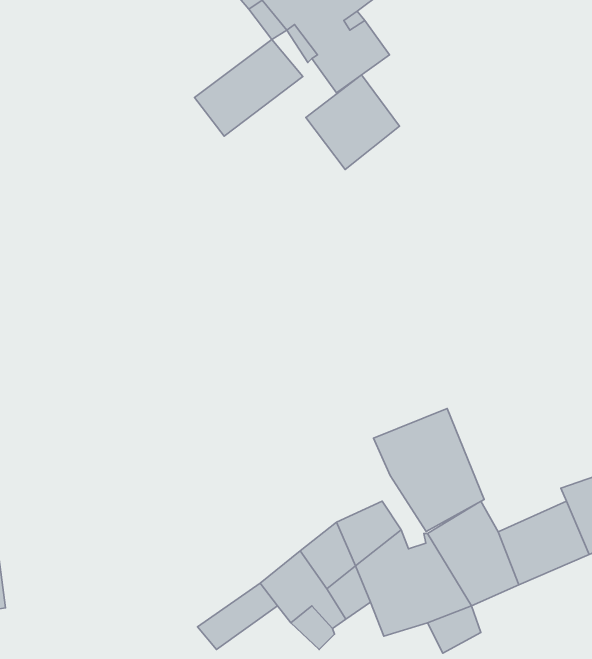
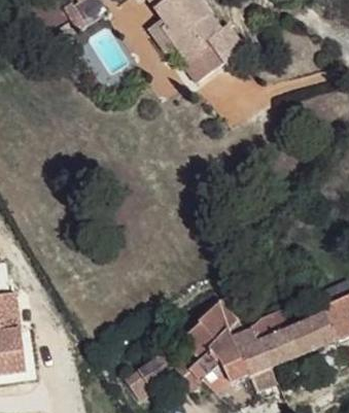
building: [195,40,303,136] -> none
building: [306,75,399,169] -> none
building: [374,409,484,531] -> none

